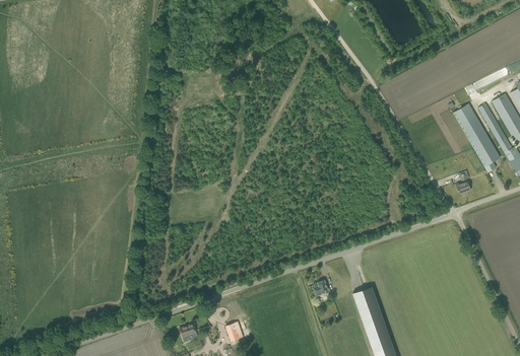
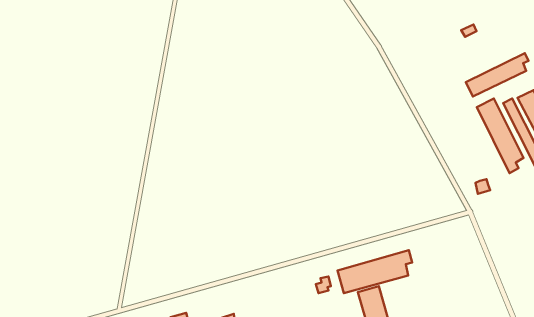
building: none -> [466,53,528,97]
building: none -> [338,250,412,293]

